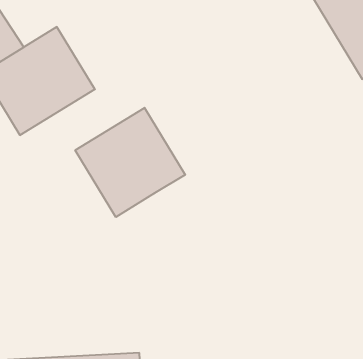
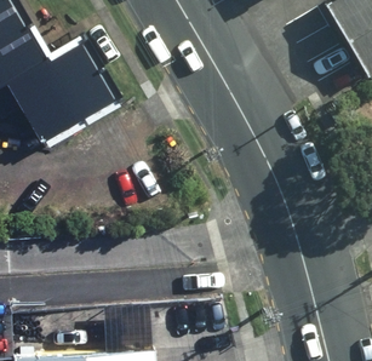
building: [75,108,185,217] -> none

